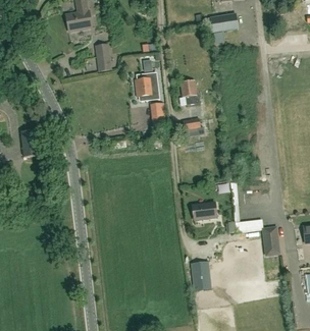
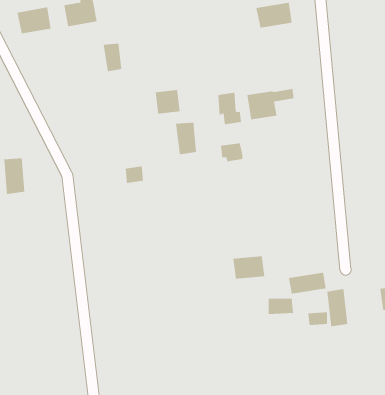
building: none -> [17,7,51,34]
building: none -> [247,88,294,120]
building: [191,261,212,296] -> none

